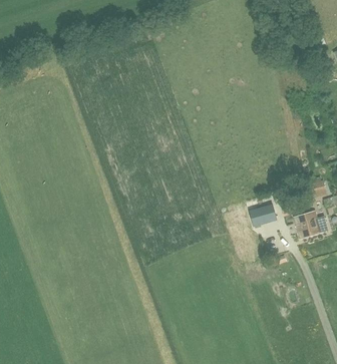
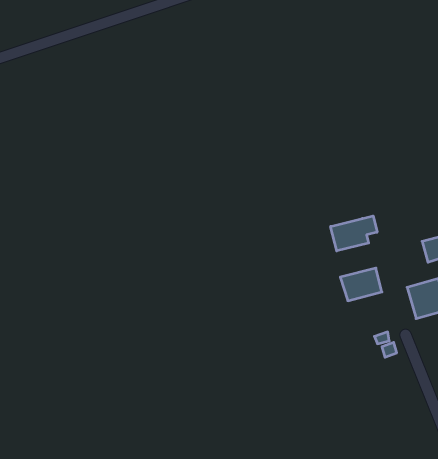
building: none -> [331,216,377,251]

